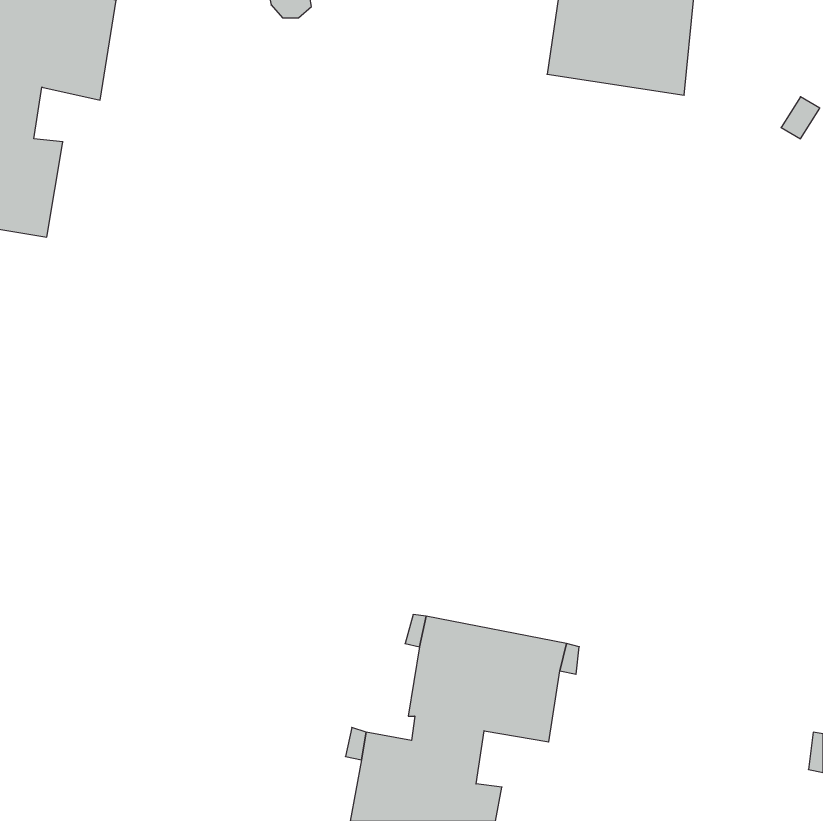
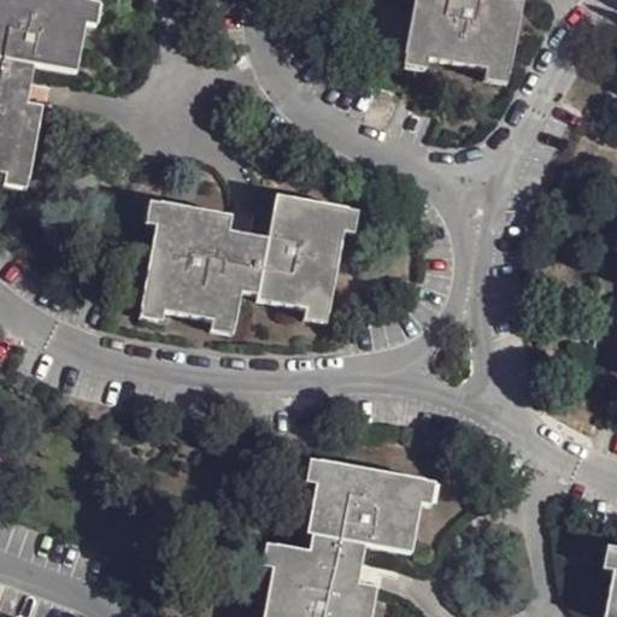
building: none -> [145,194,353,325]

